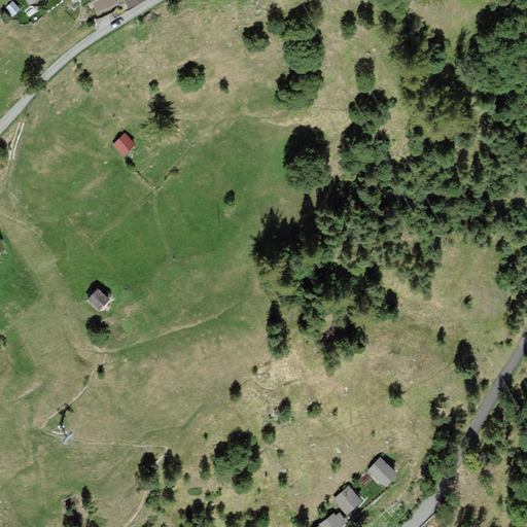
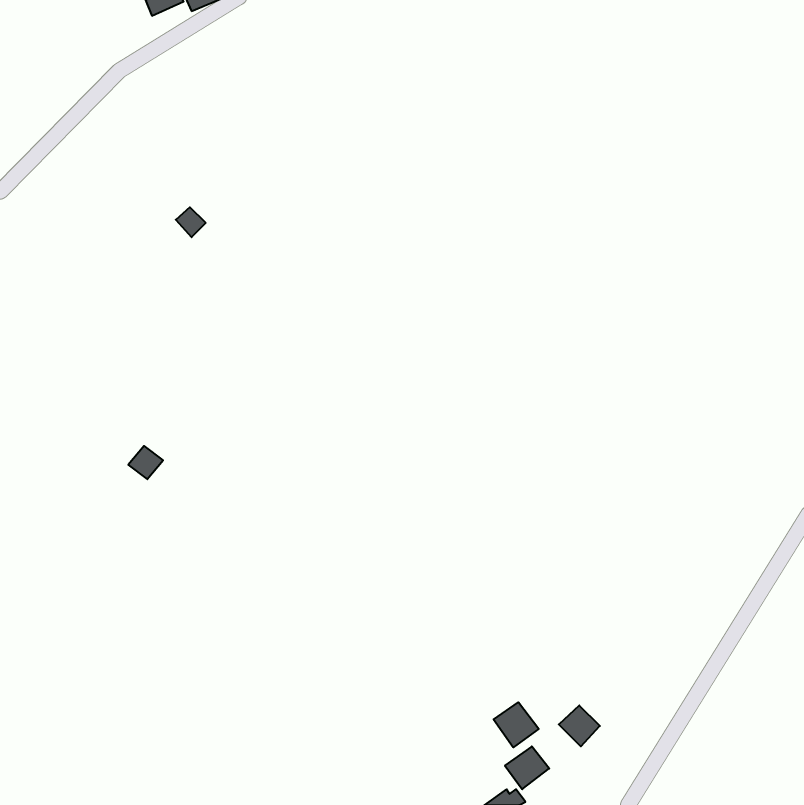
building: none -> [494,702,539,747]

